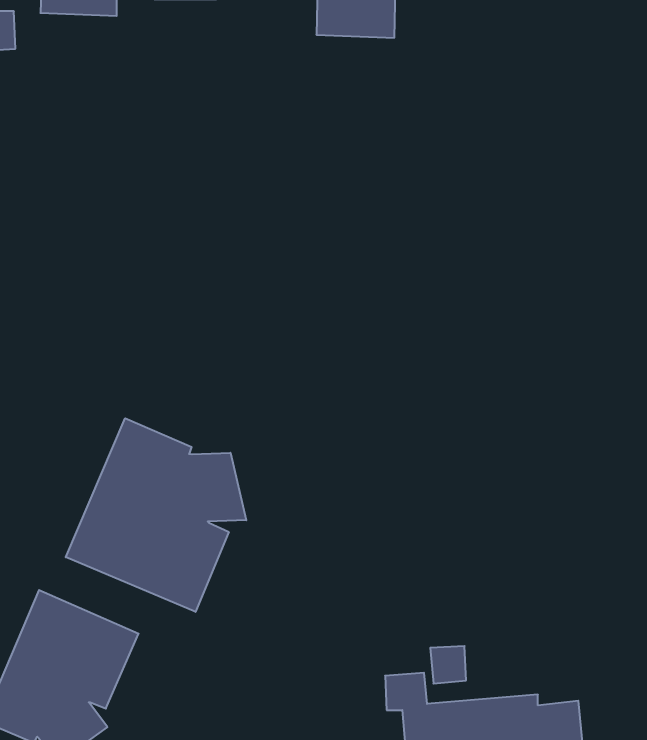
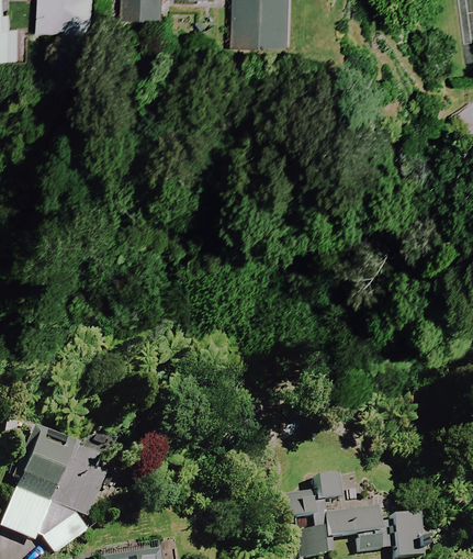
building: [66,418,246,612] -> none

